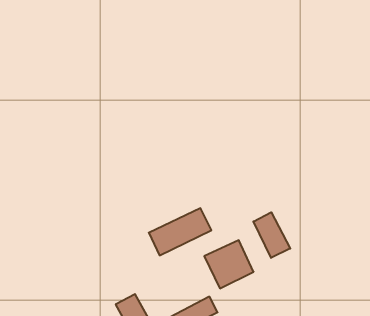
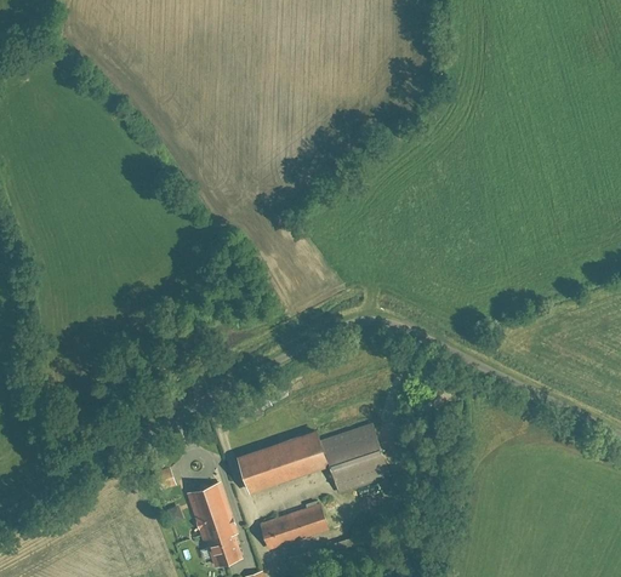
building: [149,208,211,255] -> [238,434,329,493]
building: [253,212,290,258] -> none

